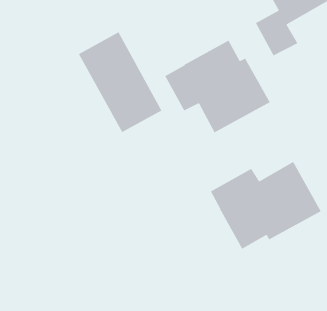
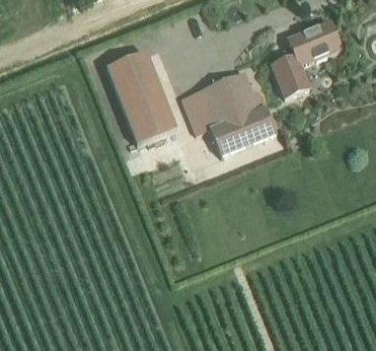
building: [210,161,322,250] -> none

